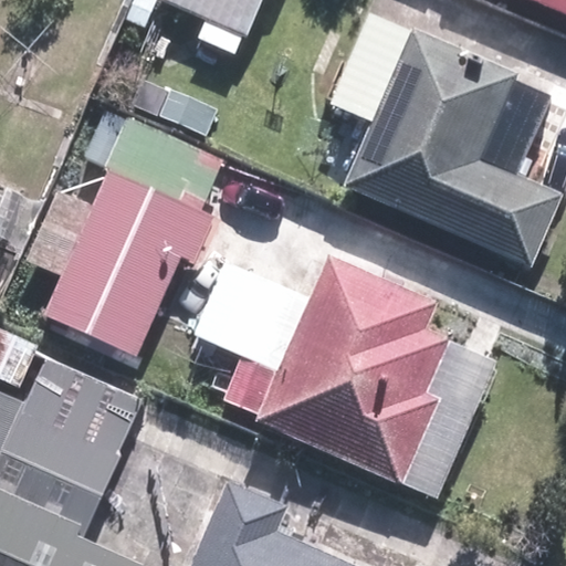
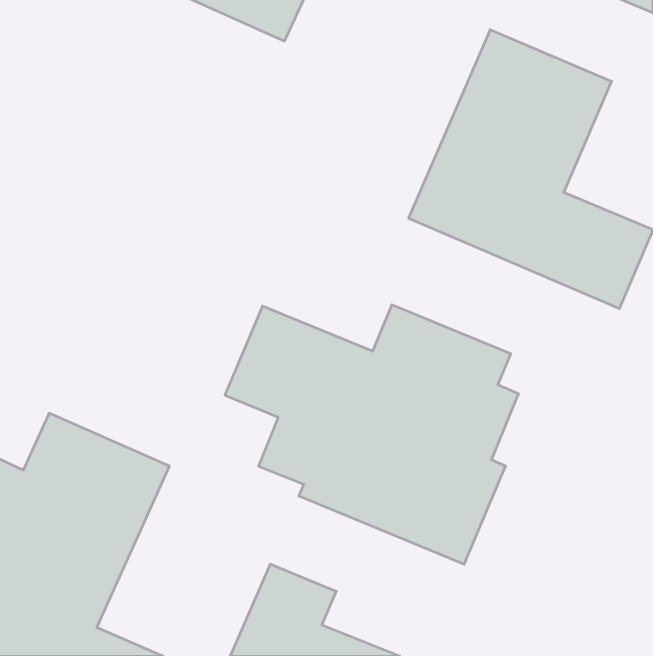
building: [23,169,212,359] -> none

